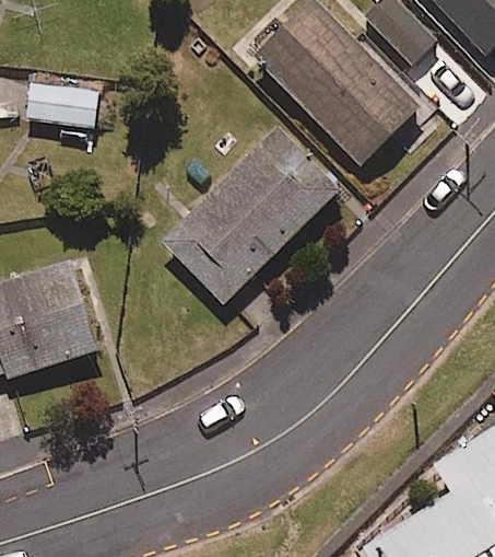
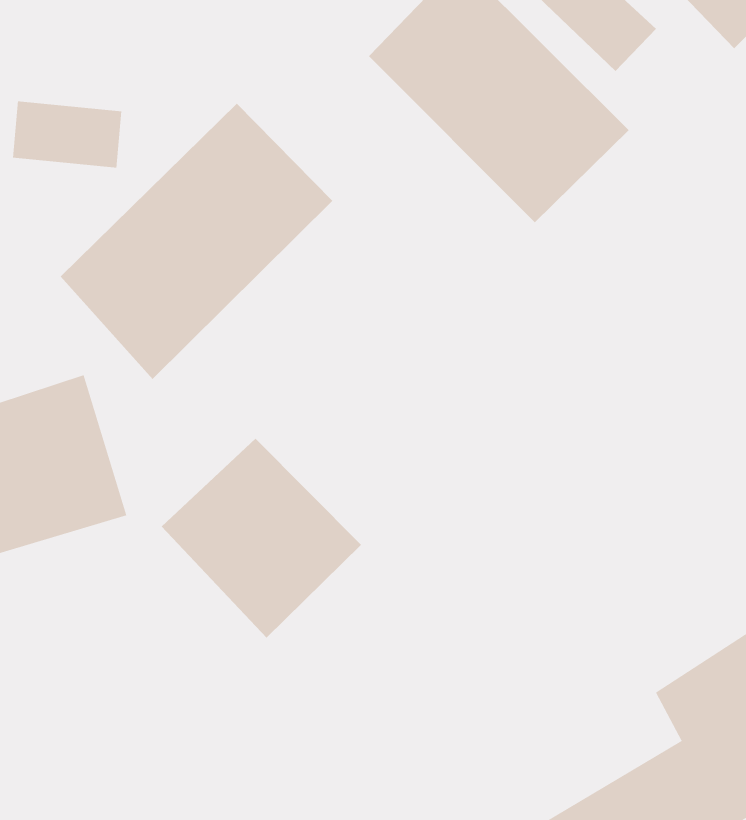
building: [164,127,338,303] -> [60,103,333,380]
building: none -> [161,438,362,638]

